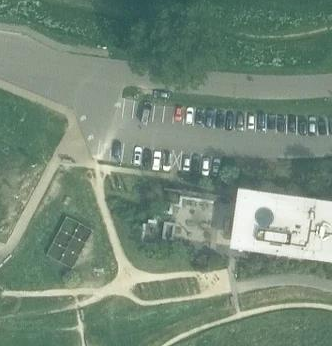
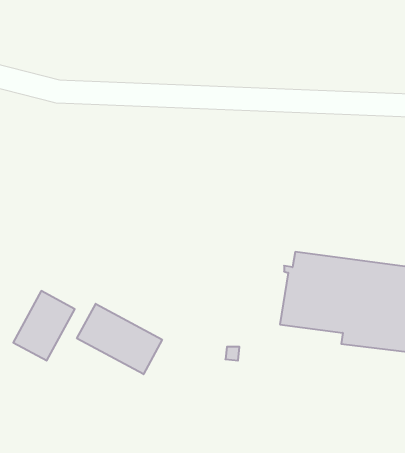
building: none -> [77,304,162,374]

